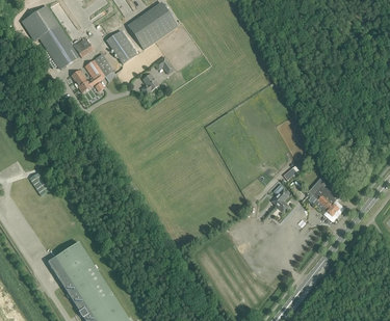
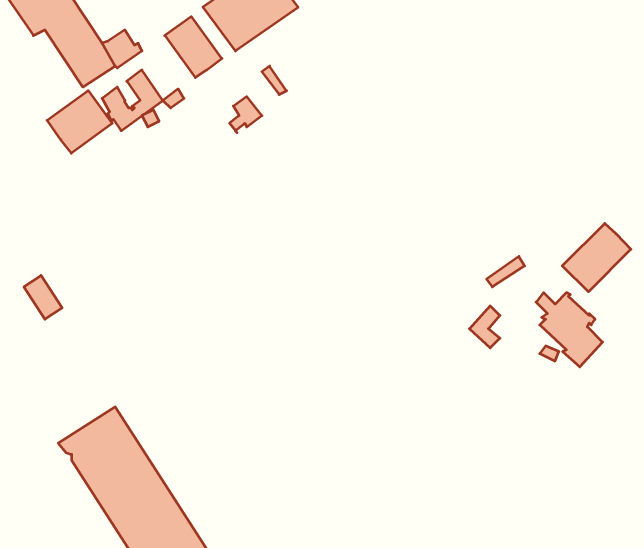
building: none -> [47,91,112,153]
building: none -> [562,223,631,292]

